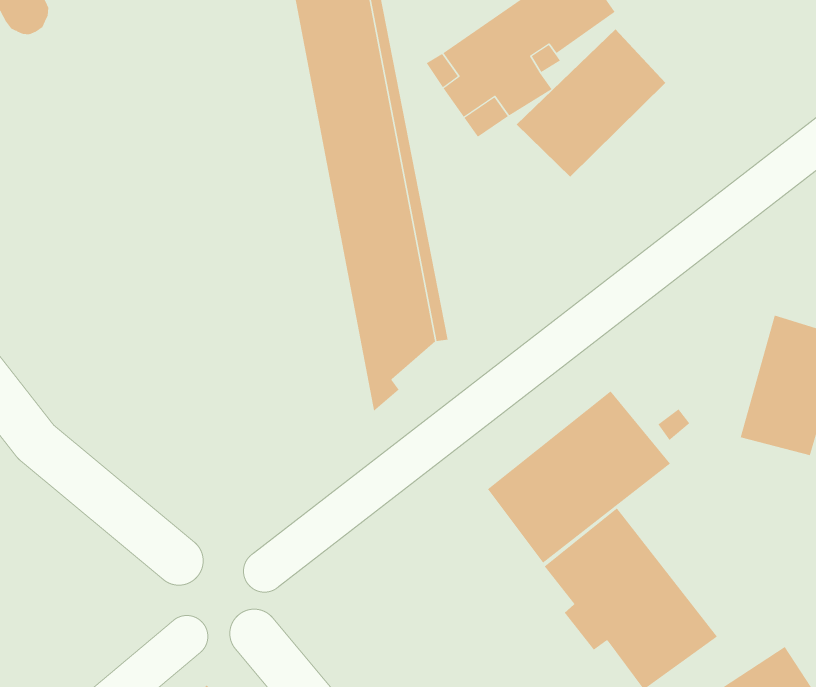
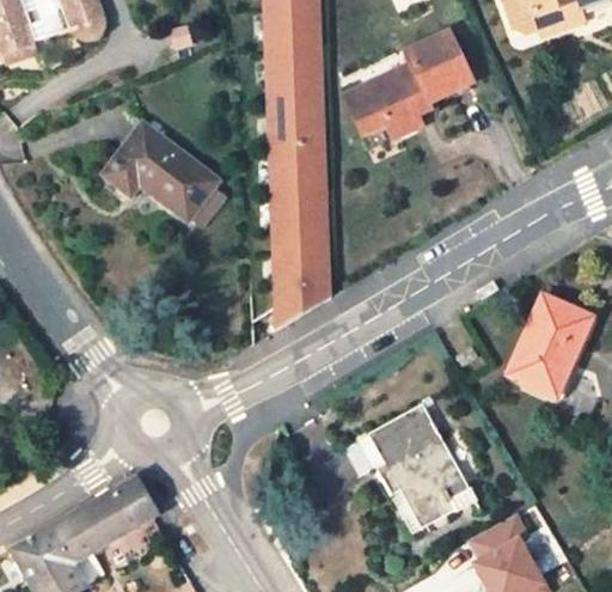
building: [516,28,666,177] -> none
building: none -> [104,123,224,220]
building: [487,390,671,563] -> none

